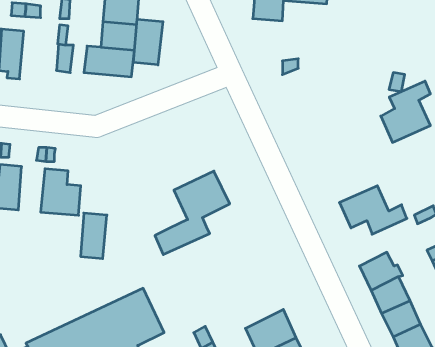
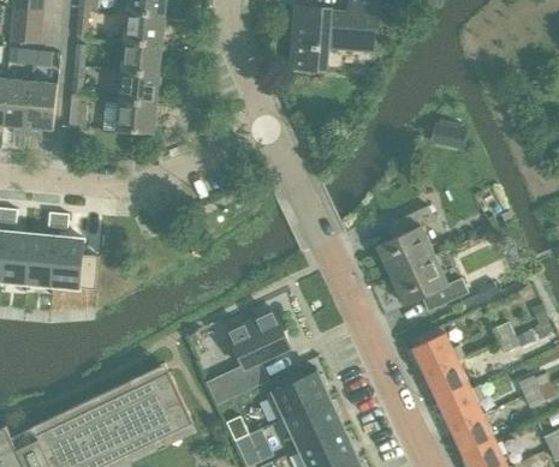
building: [134,19,163,65] -> none
building: none -> [26,80,58,136]
building: [381,81,430,142] -> [377,205,434,275]
building: [155,171,230,255] -> [206,310,291,405]
building: [81,213,107,259] -> [25,234,55,286]
building: none -> [264,371,327,421]

